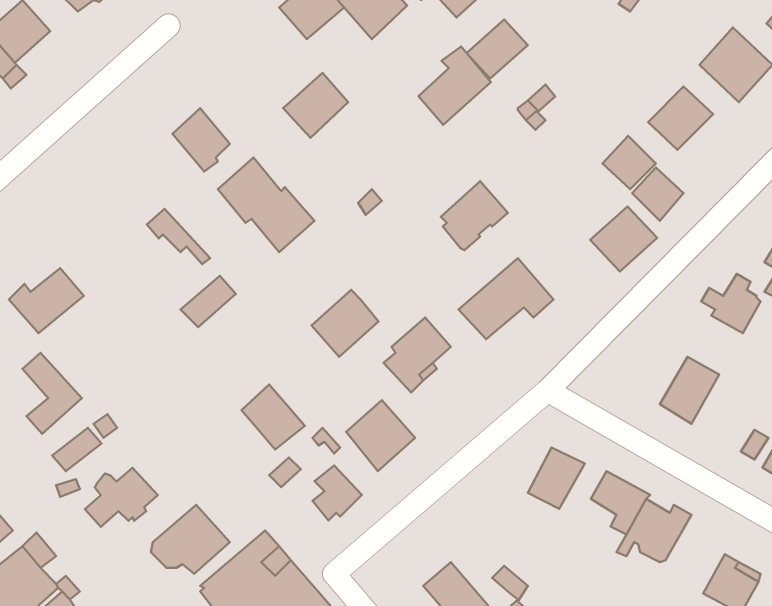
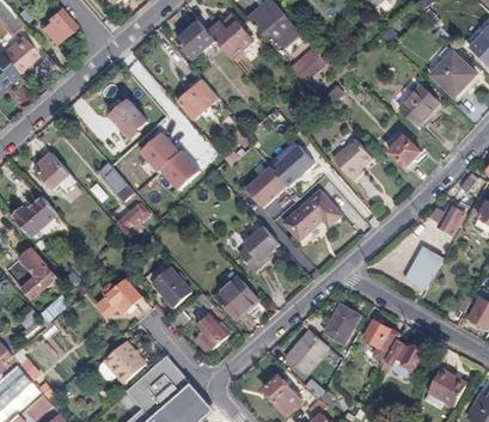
building: [418,46,491,125] -> none
building: none -> [32,153,68,189]
building: [590,206,657,271] -> [332,140,373,179]
building: [312,290,379,357] -> [244,166,285,207]
building: [85,468,158,527] -> [97,281,141,317]
building: none -> [285,331,328,374]

